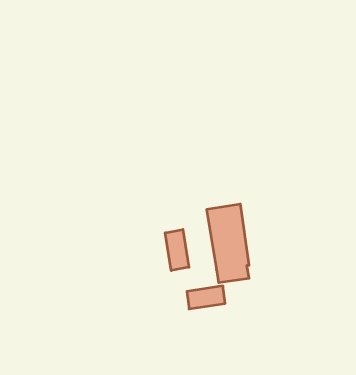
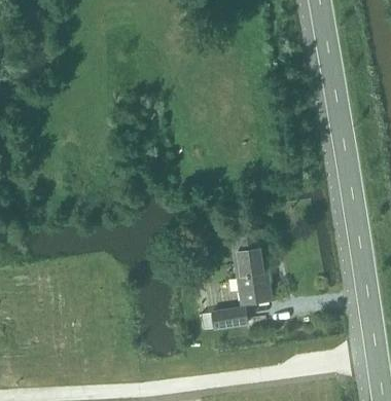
building: [165,229,189,271] -> none

